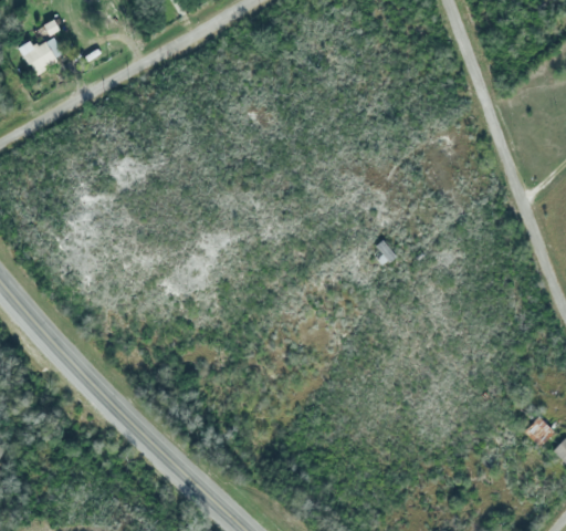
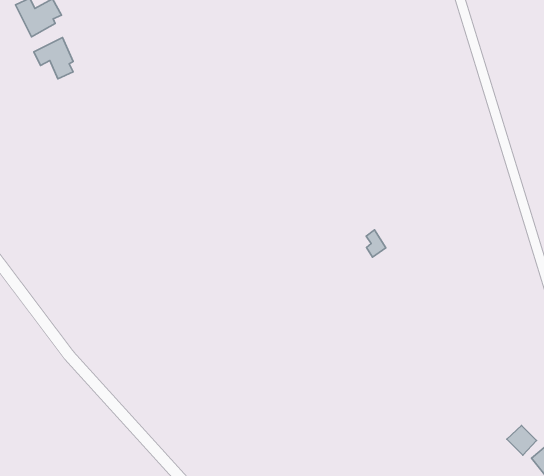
building: none -> [34,37,73,79]

